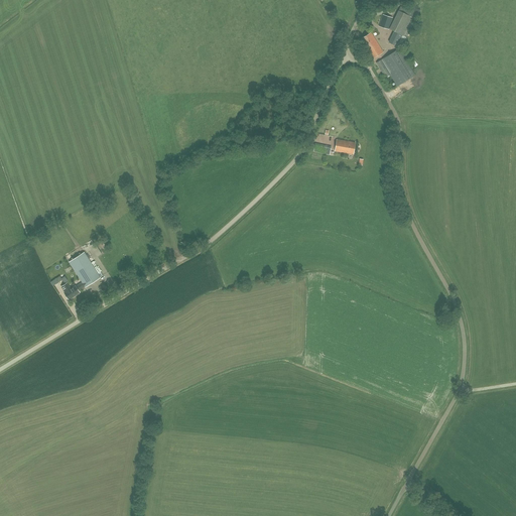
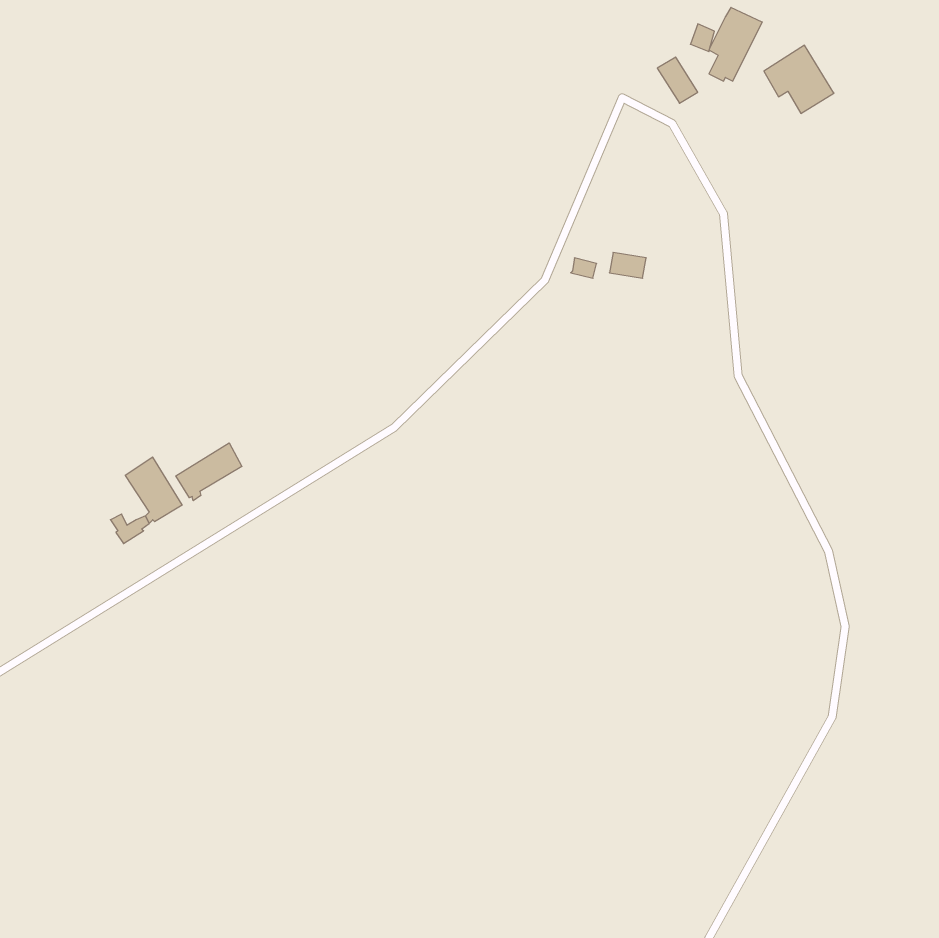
building: [376,47,414,85] -> [764,45,834,113]
building: none -> [176,443,242,501]

